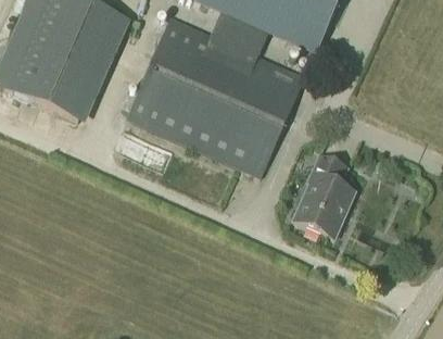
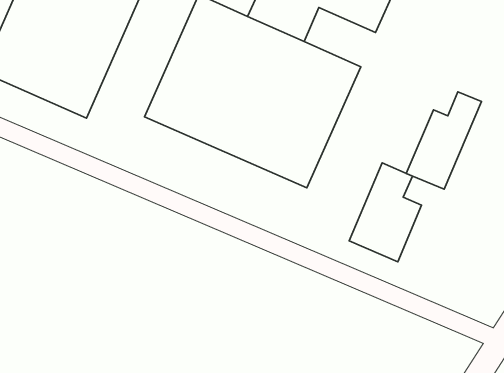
building: none -> [406,92,481,189]

